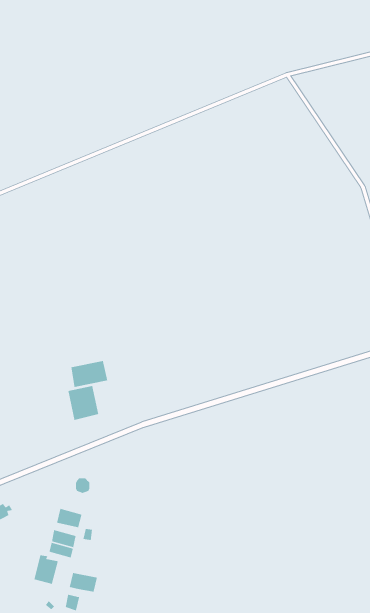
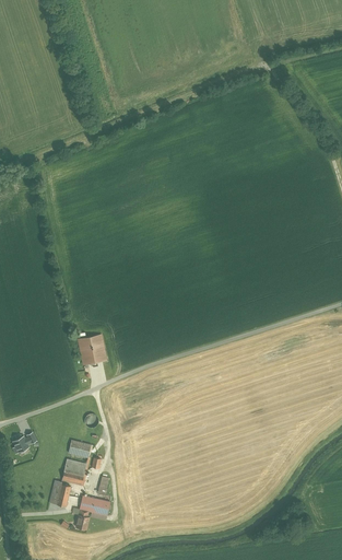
building: [71,360,108,388] -> none

